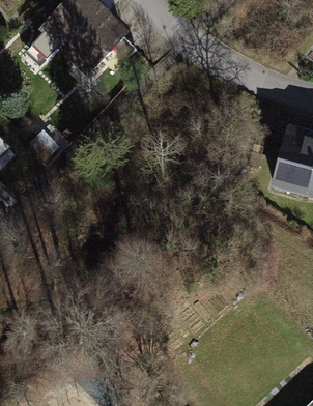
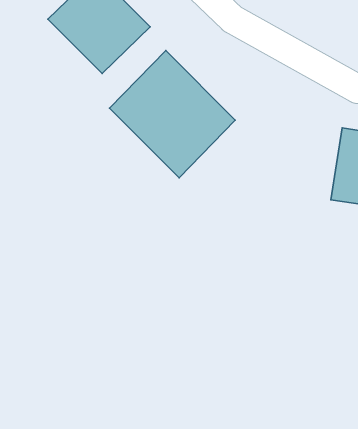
building: none -> [110,50,235,178]

